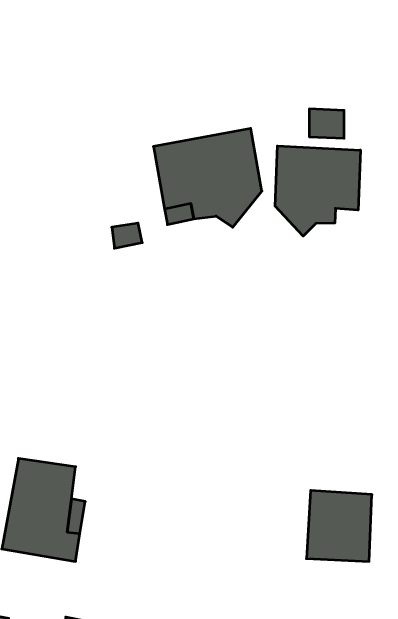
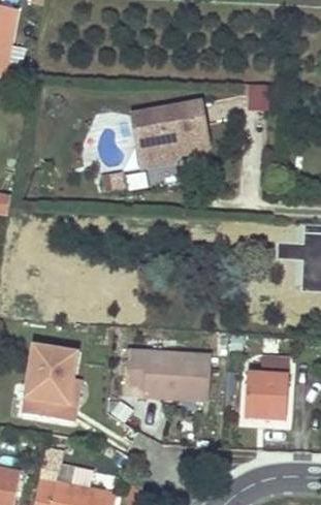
building: [275,146,360,236] -> none
building: none -> [126,349,211,400]

